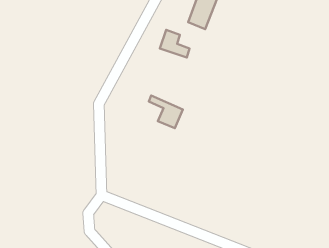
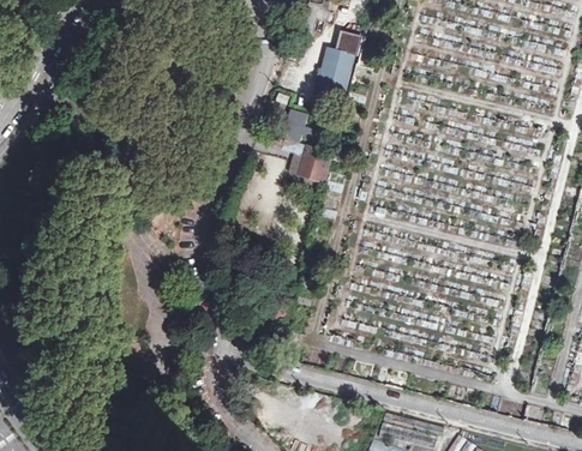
building: [149,96,183,128] -> [281,142,330,184]

